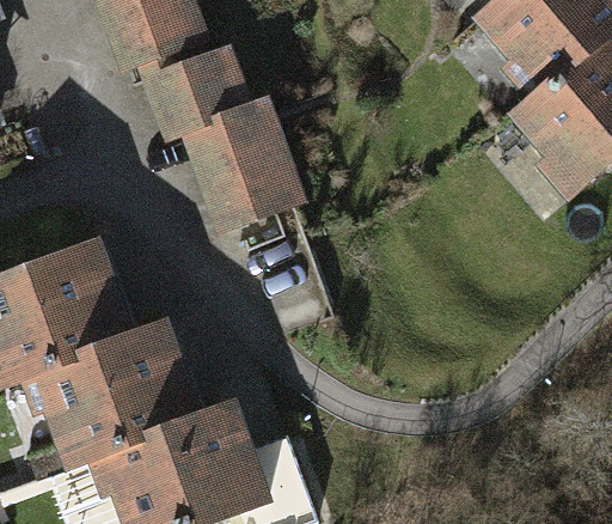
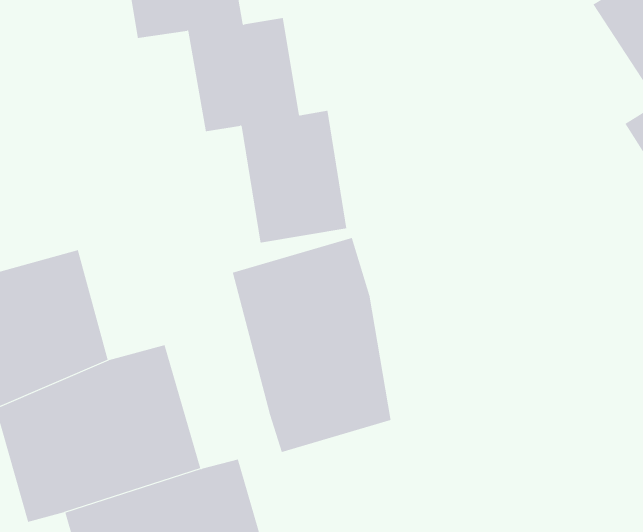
building: none -> [232,237,391,453]

